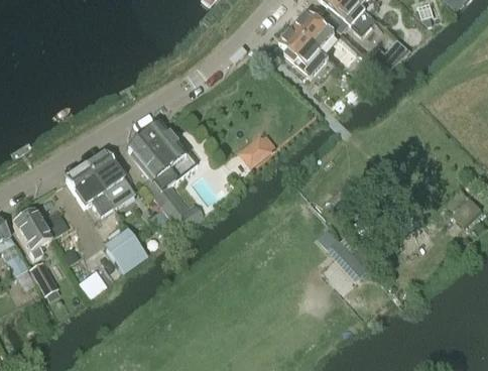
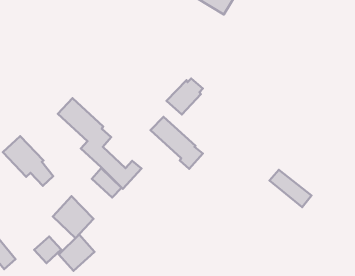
building: [145,121,194,177] -> [150,117,203,169]
building: [87,149,124,201] -> none
building: none -> [59,234,95,271]

